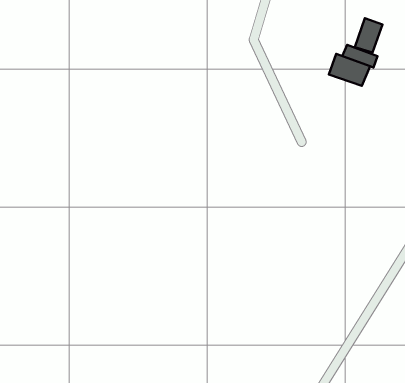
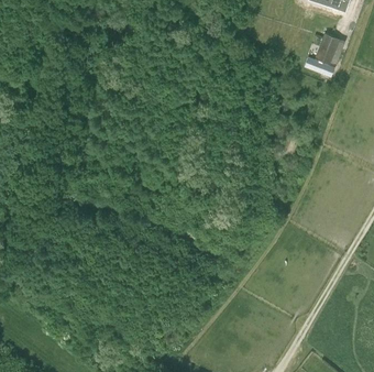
building: [329,54,370,86] -> none

